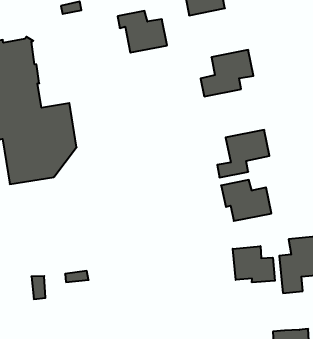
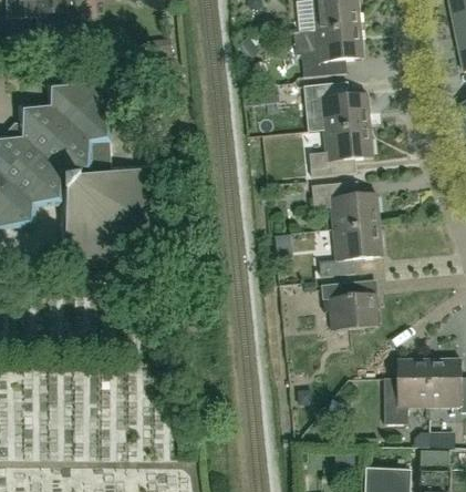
building: [118,11,167,53] -> [313,81,370,130]
building: none -> [312,181,380,228]
building: [233,246,275,282] -> none

